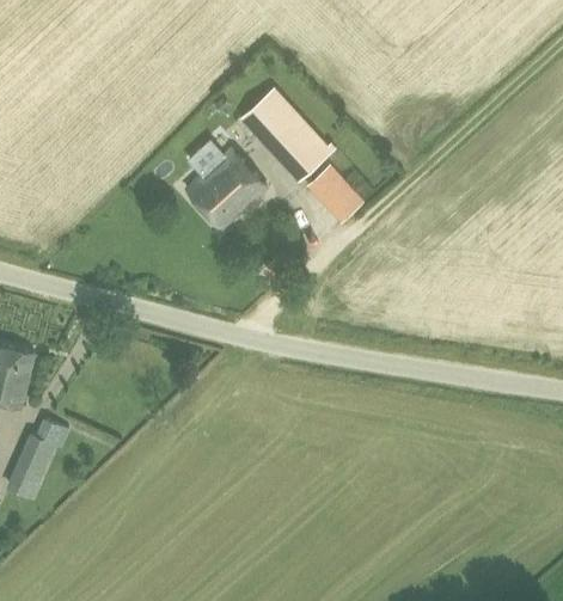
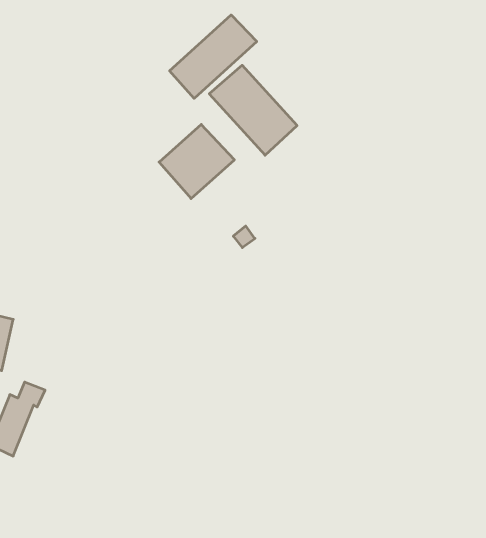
building: none -> [170,15,257,98]
building: [305,164,363,223] -> none

